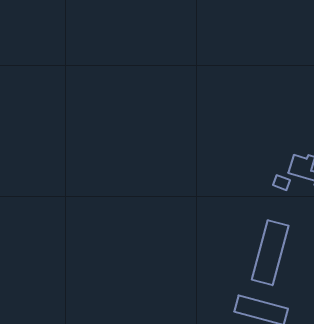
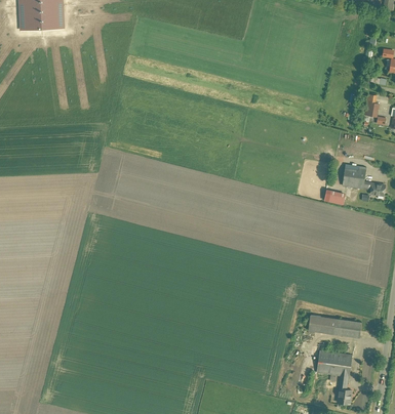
building: [252,220,289,285] -> none

